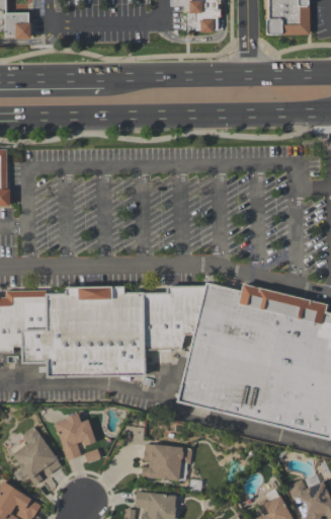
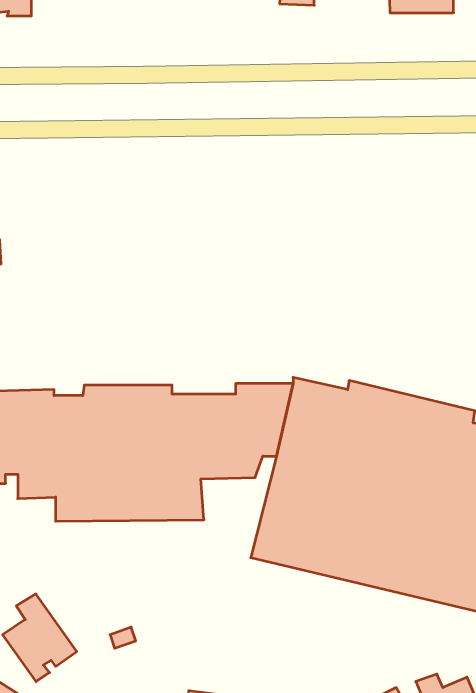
building: [55,414,96,461] -> none
building: [142,444,193,481] -> none

